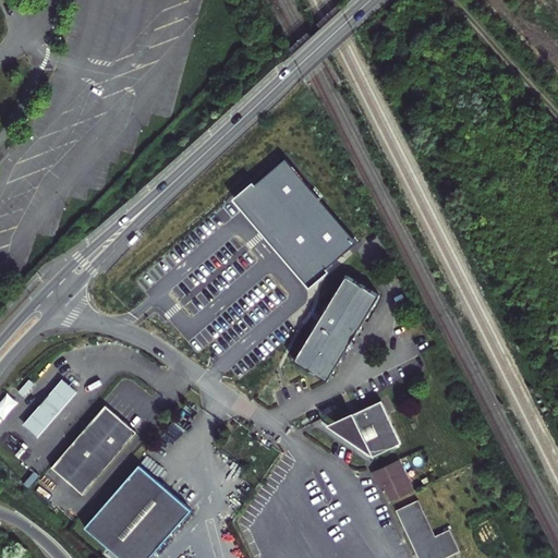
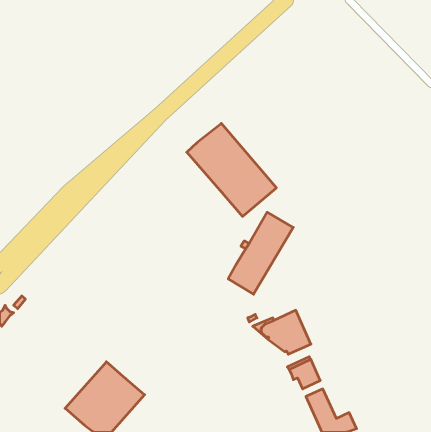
building: [233,182,328,288] -> none
building: [23,377,76,436] -> none
building: [50,409,134,496] -> none

